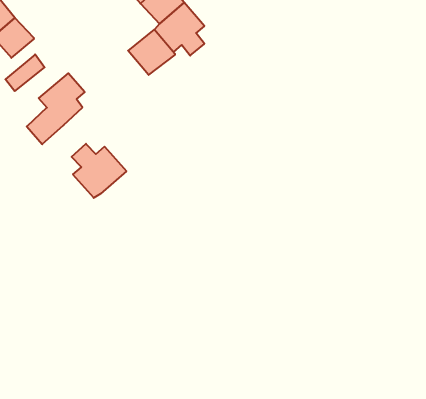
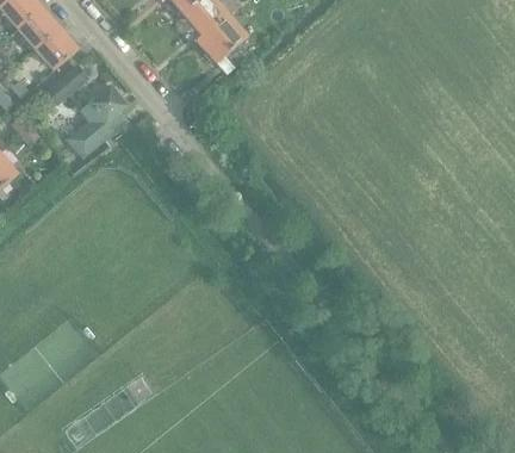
building: [128,30,175,75] -> none
building: [72,144,126,198] -> none

